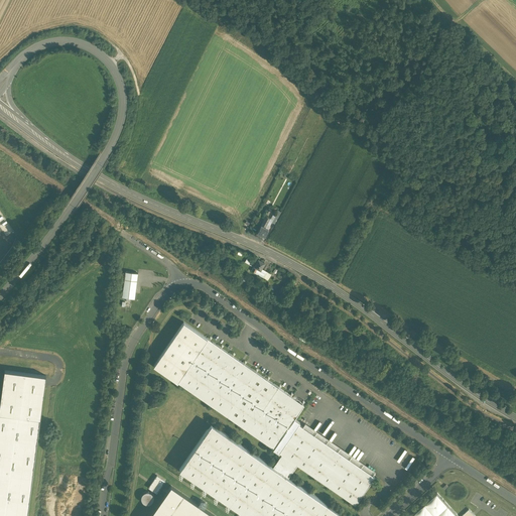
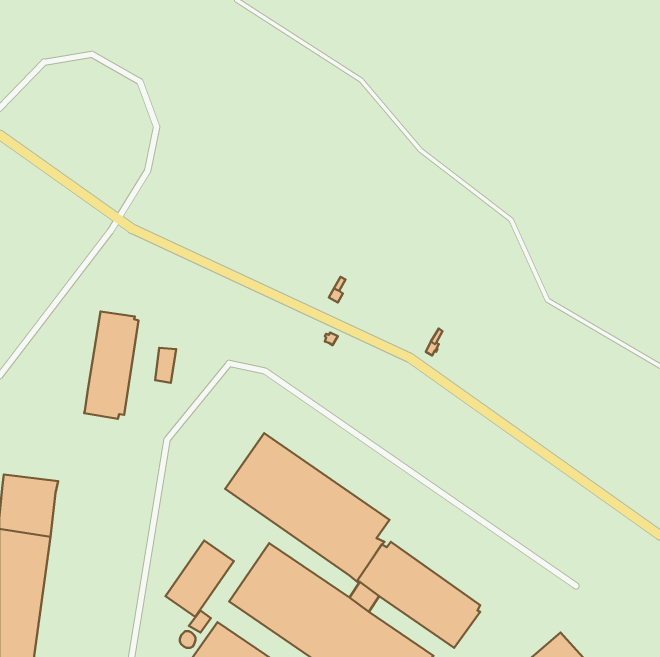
building: none -> [84,312,138,419]
building: [152,325,206,384] -> [165,540,234,617]

